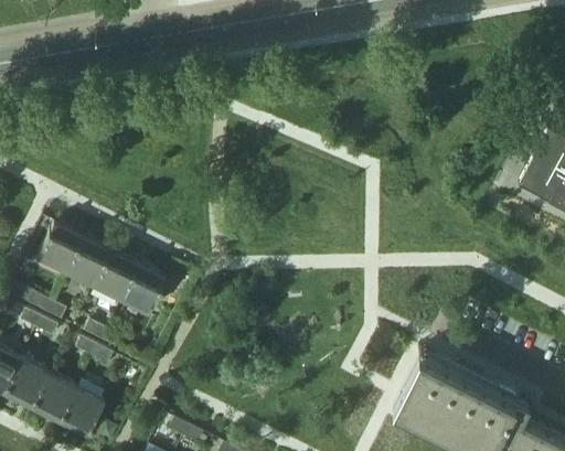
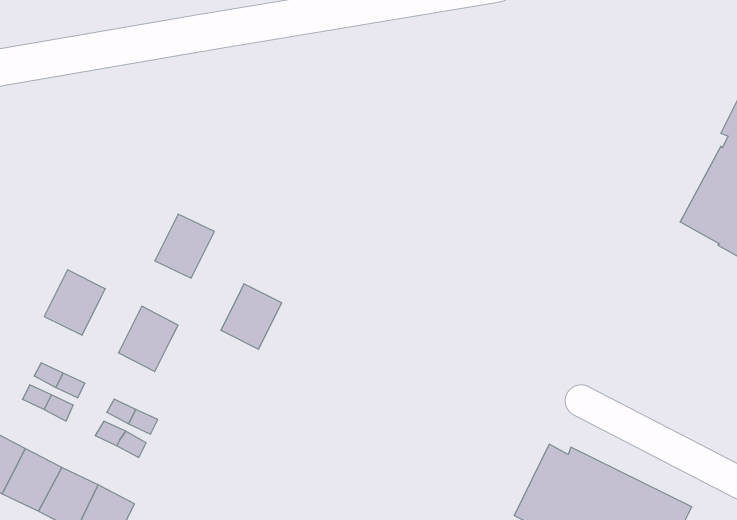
building: [65,236,110,284] -> [155,214,214,278]
building: [120,264,167,313] -> [221,284,282,349]

